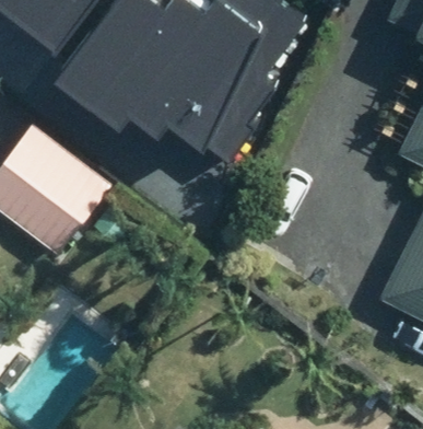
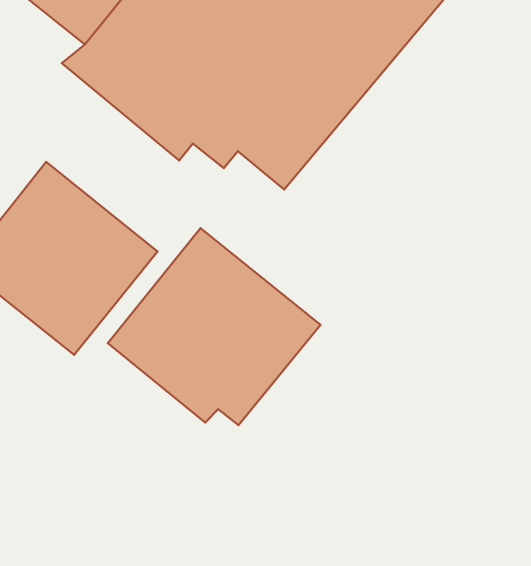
building: none -> [108,228,320,425]

